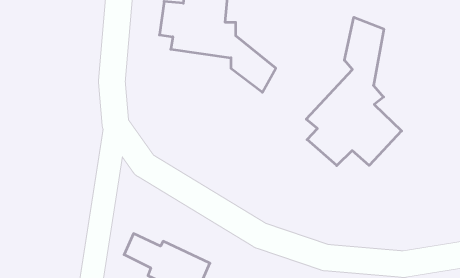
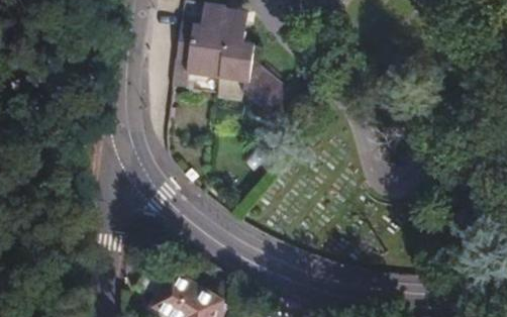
building: [306,17,402,166] -> none

